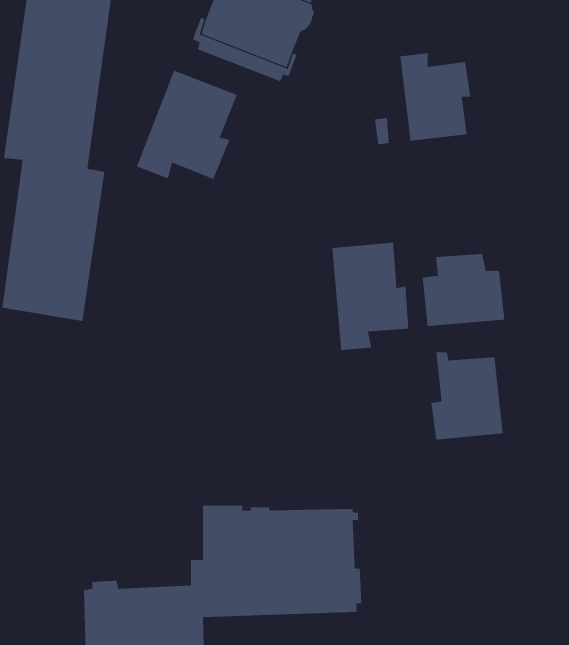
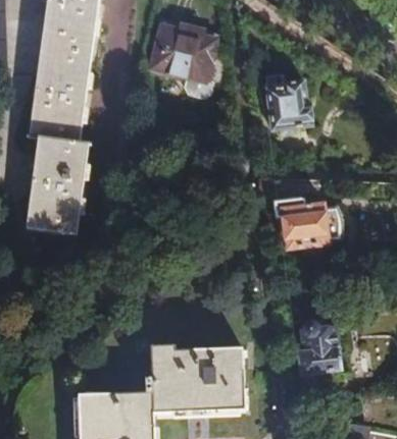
building: [136,70,238,180] -> none
building: [332,242,409,351] -> none
building: [430,352,504,440] -> [301,323,345,376]

